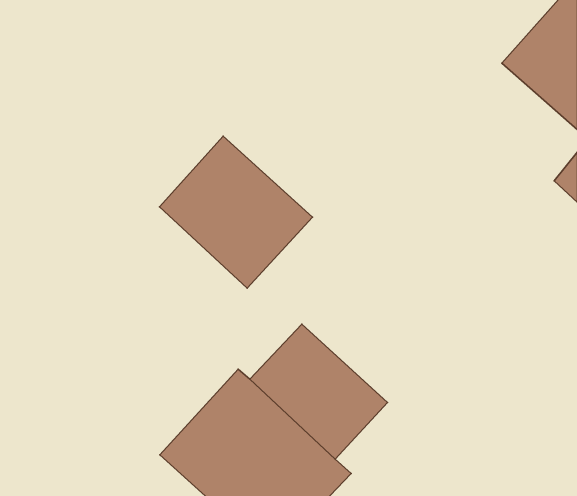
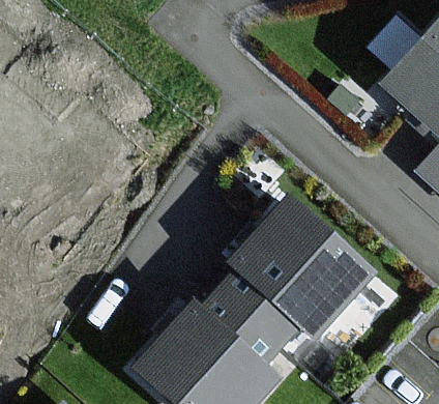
building: [160,136,313,288] -> none
building: none -> [234,200,372,337]

